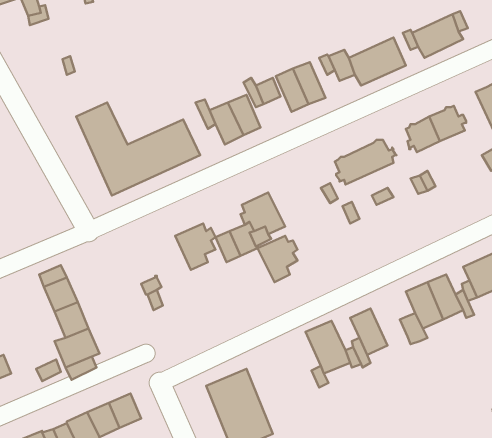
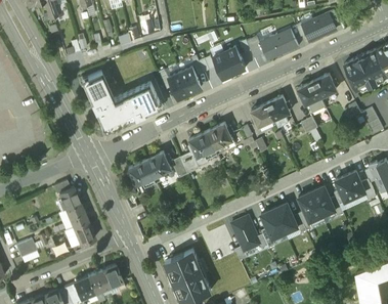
building: none -> [127,160,156,187]
building: [257,236,298,282] -> [207,123,233,154]
building: none -> [274,202,299,232]

